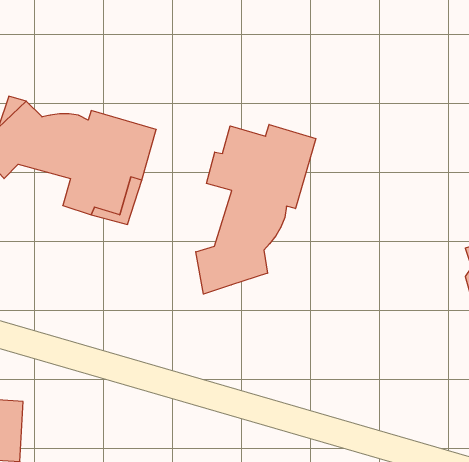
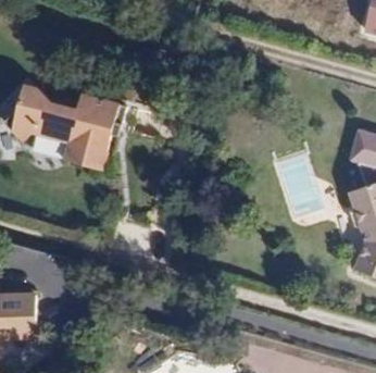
building: [196,124,316,294] -> none

